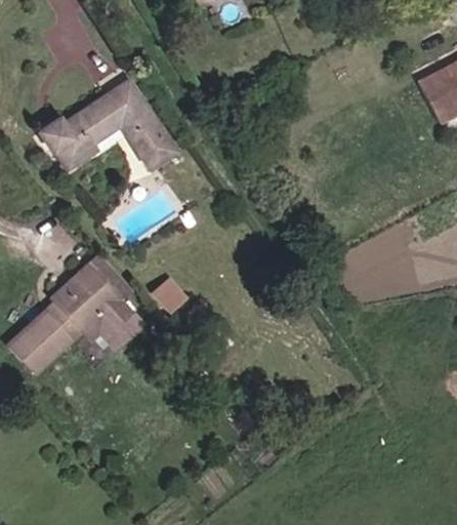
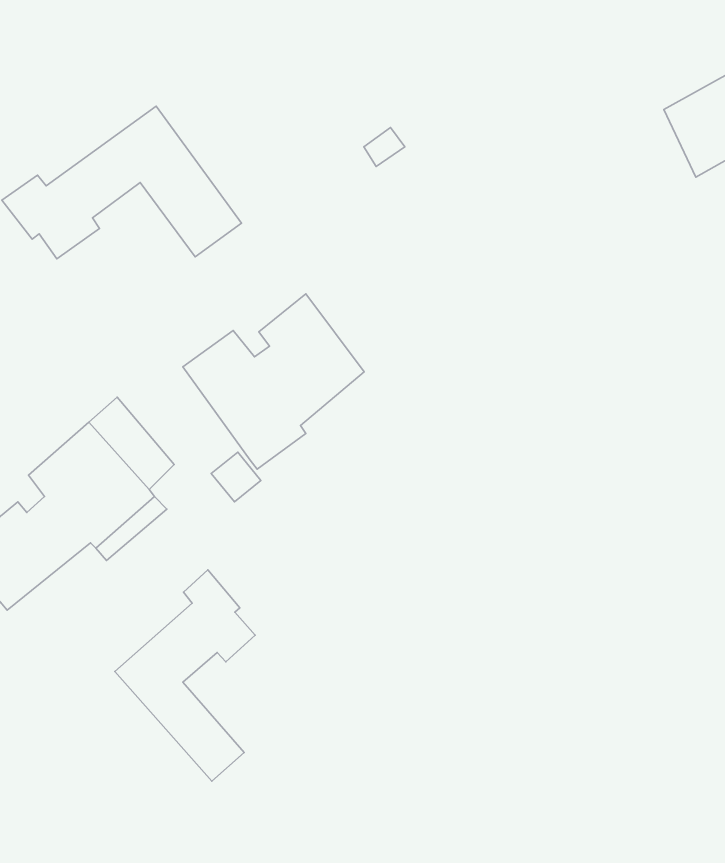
building: none -> [183,294,364,469]
building: none -> [115,570,255,781]

